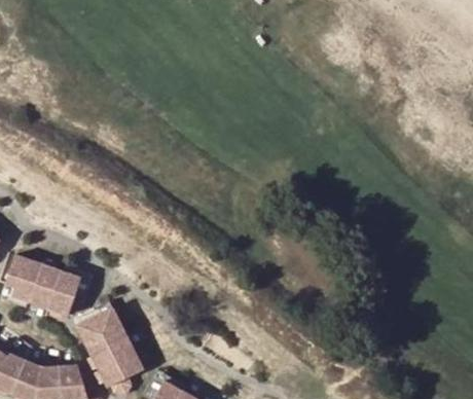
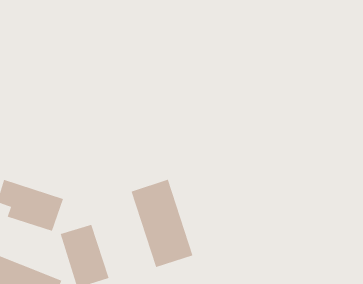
building: none -> [131,179,193,268]

